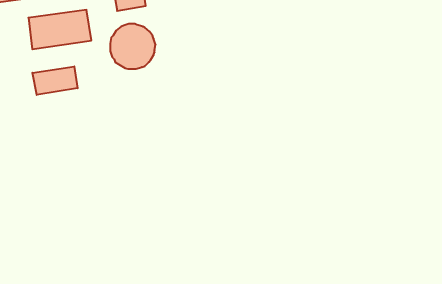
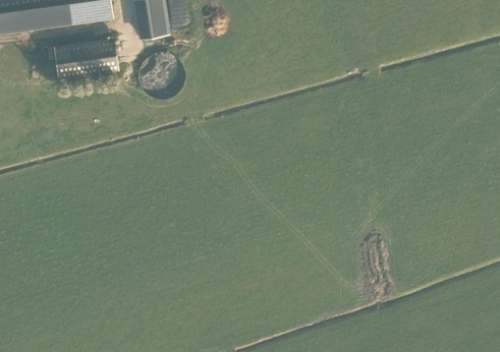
building: [32,66,78,95] -> none

